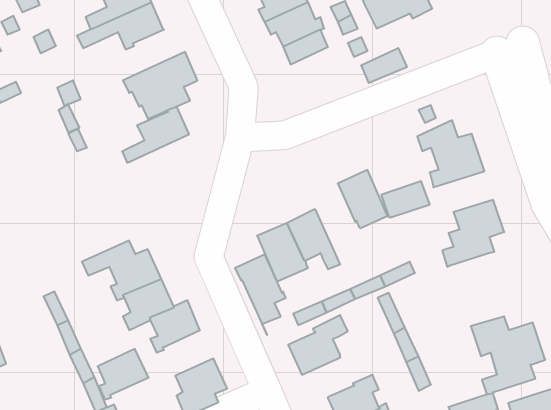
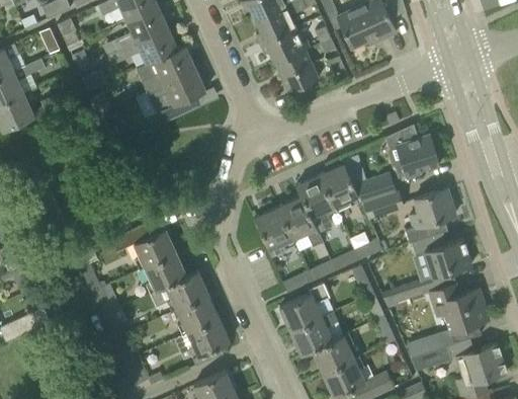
building: [361,48,407,83] -> [281,64,319,92]
building: [122,107,189,163] -> [141,46,195,91]
building: none -> [363,191,403,219]
building: none -> [380,232,471,306]
building: [235,254,286,335] -> [295,175,337,241]
building: [98,349,149,400] -> [177,295,219,336]
building: none -> [290,313,333,355]

